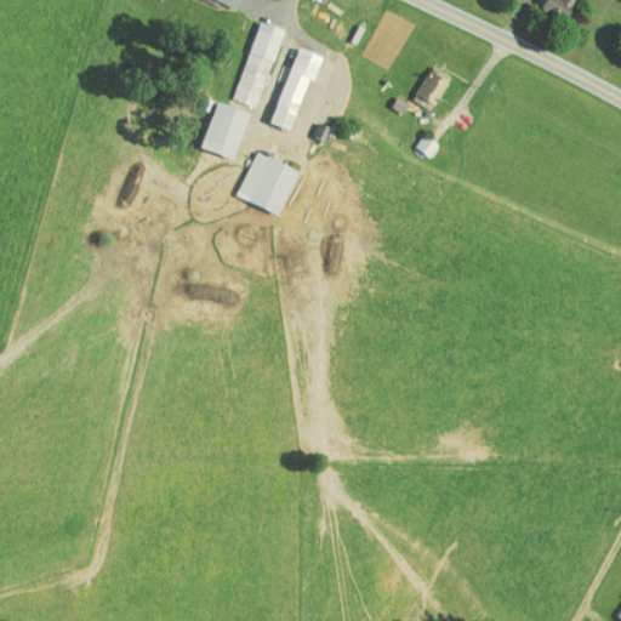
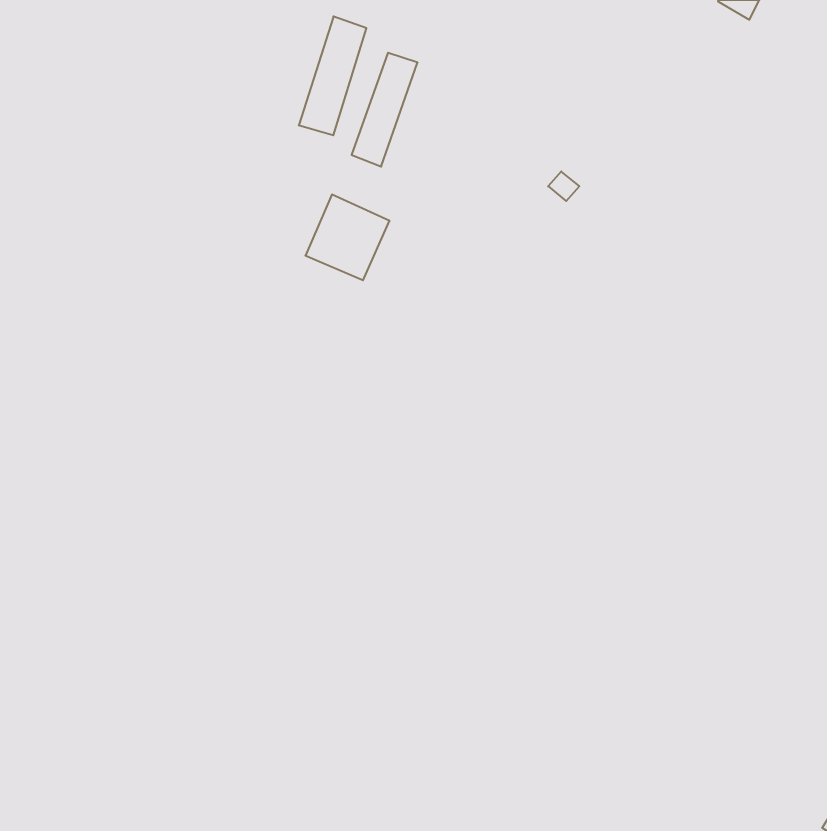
building: [411,65,451,110] -> none
building: [200,102,250,159] -> none

